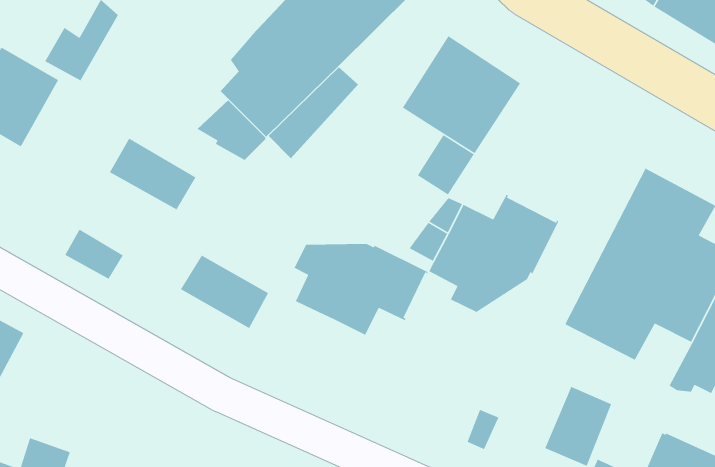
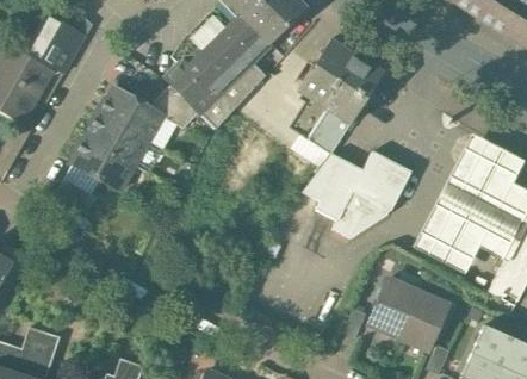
building: none -> [100,85,163,139]
building: [294,243,428,336] -> none
building: [180,255,269,329] -> [70,136,135,190]
building: none -> [368,278,418,335]

